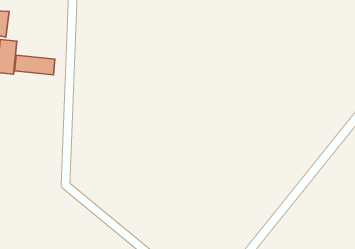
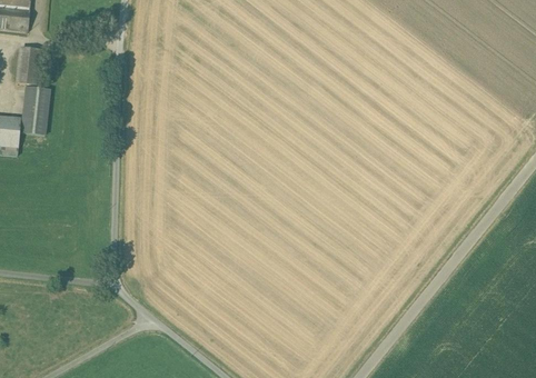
building: [14,55,55,75] -> none

